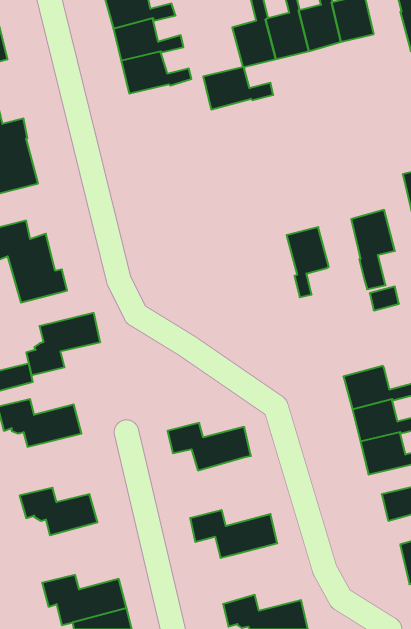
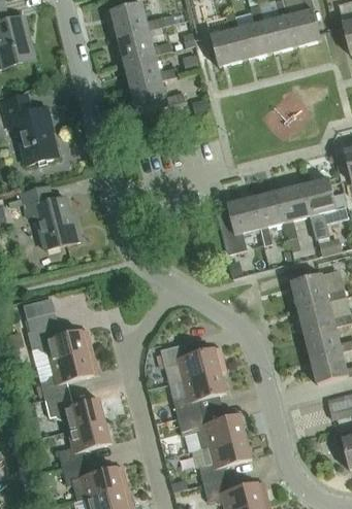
building: [203,67,273,109] -> [130,78,185,111]
building: none -> [278,183,311,250]
building: none -> [227,196,261,250]
building: [26,313,100,375] -> [40,350,98,399]
building: none -> [291,272,346,306]
building: none -> [173,369,226,416]
building: none -> [58,419,110,467]
building: none -> [199,436,252,483]

